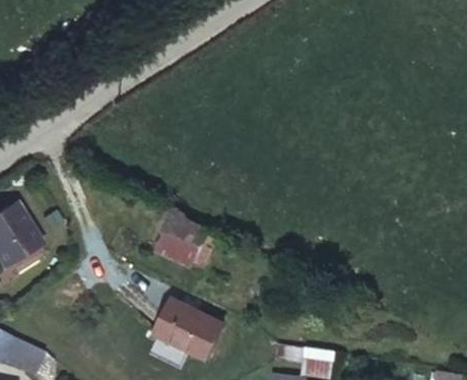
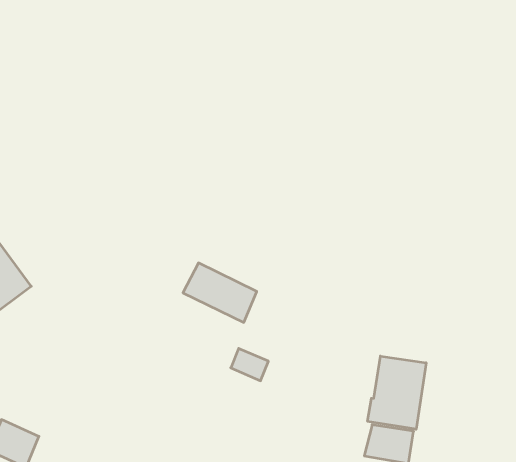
building: none -> [368,356,426,429]
building: [156,300,223,359] -> none

